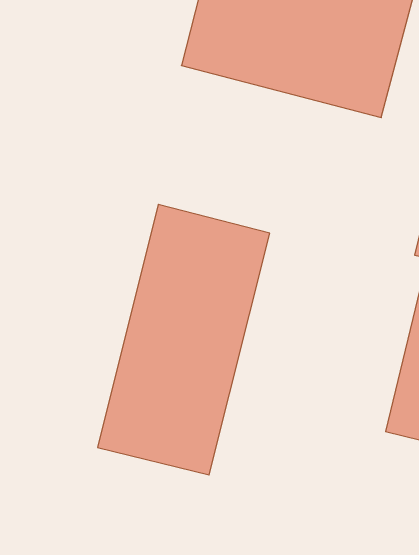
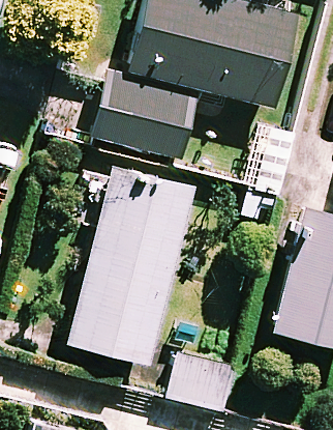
building: none -> [99,79,190,160]

